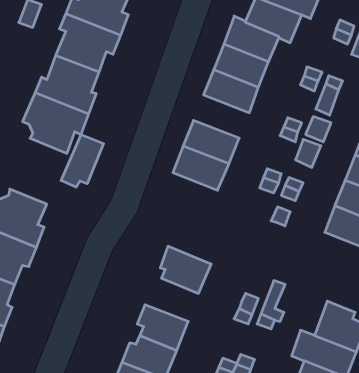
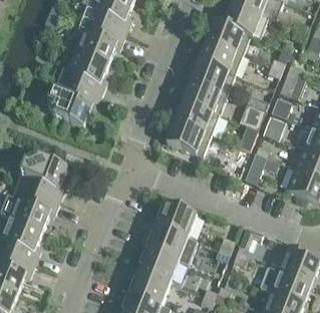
building: none -> [183,82,227,116]
building: [61,134,104,187] -> none
building: none -> [144,227,197,265]

